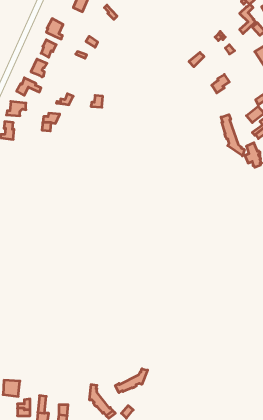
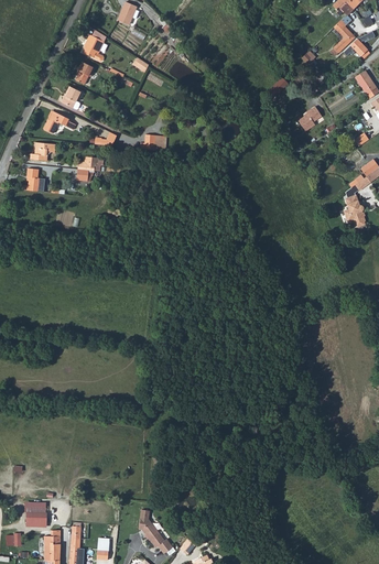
building: [221,115,244,156] -> none
building: [115,369,148,393] -> none

